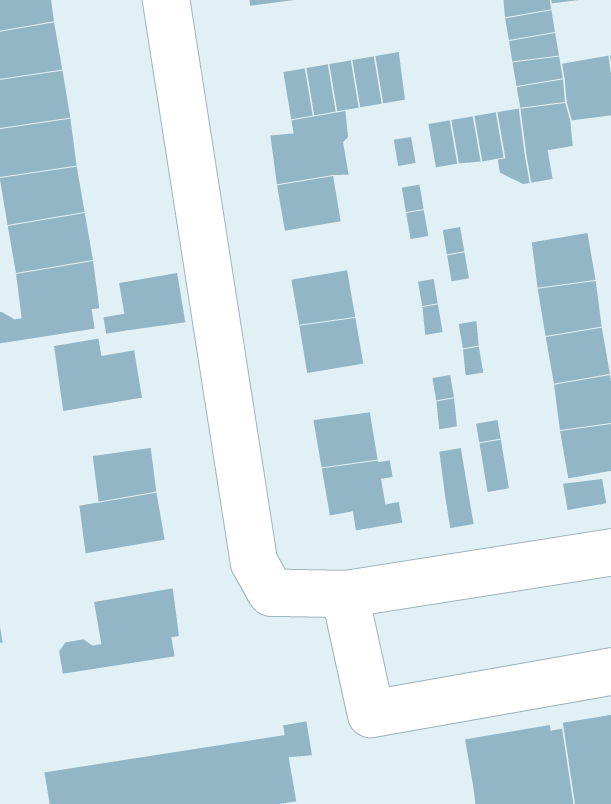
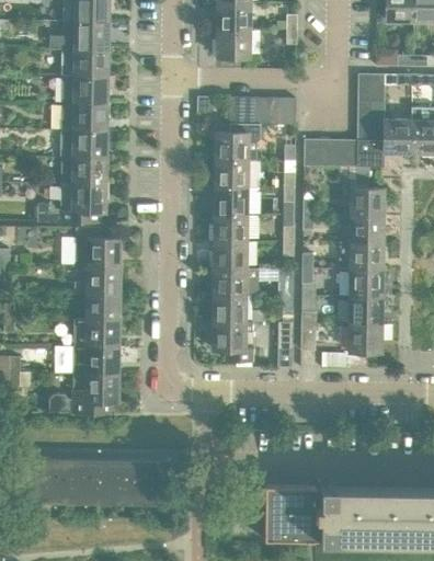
building: none -> [351,188,385,216]
building: none -> [214,186,248,214]
building: [102,273,186,334] -> [75,265,121,294]
building: none -> [213,267,259,296]
building: none -> [73,346,119,374]

